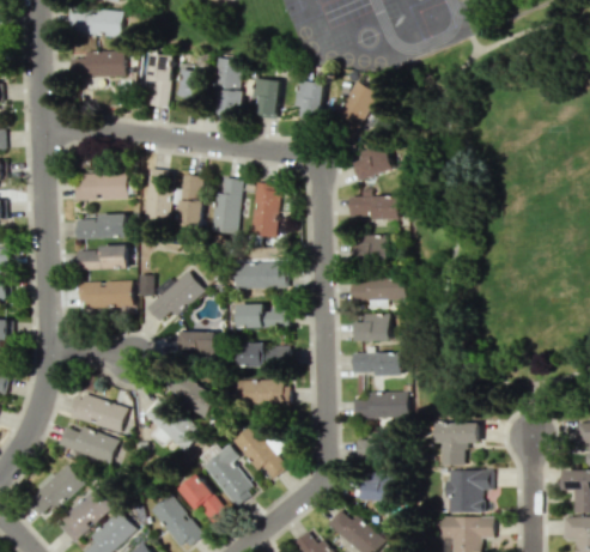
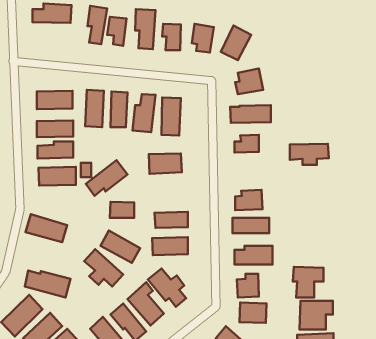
building: [351,279,406,309] -> [290,144,329,165]
building: [237,304,288,328] -> none
building: [68,393,127,432] -> [26,214,67,242]

